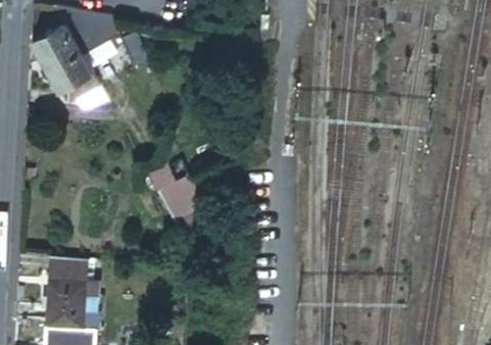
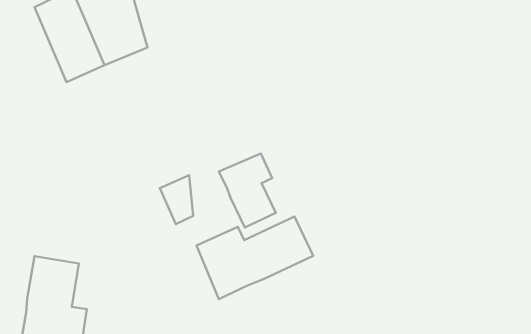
building: none -> [219,154,276,228]
building: none -> [197,217,313,299]

